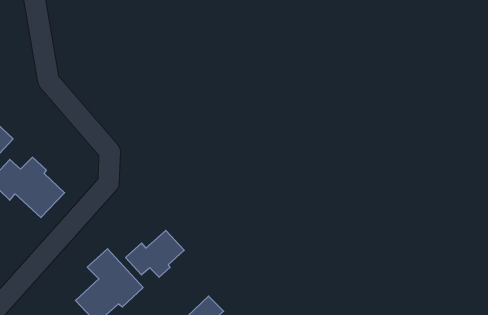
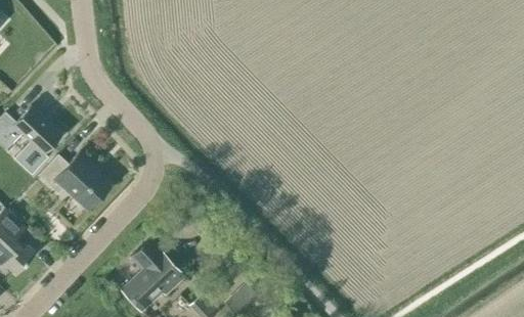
building: [126,230,184,277] -> none

